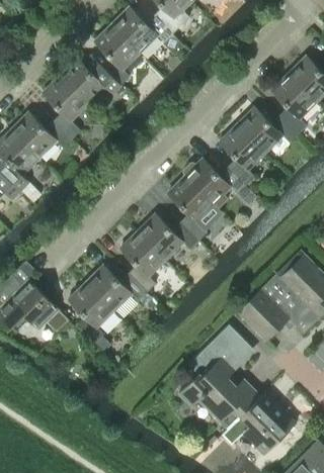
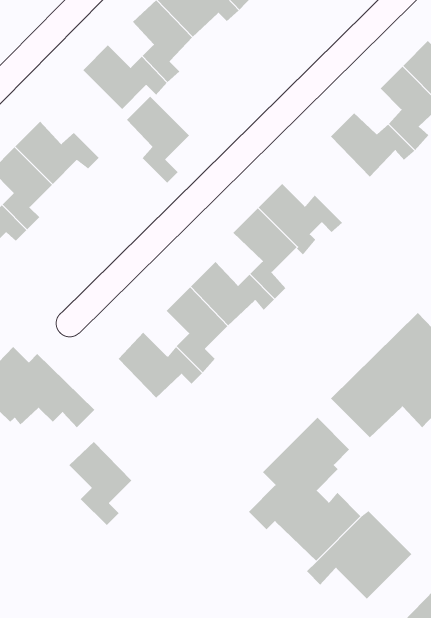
building: [44,76,89,138] -> [126,96,190,184]
building: [221,123,266,185] -> none
building: [68,282,113,343] -> [68,441,132,526]

